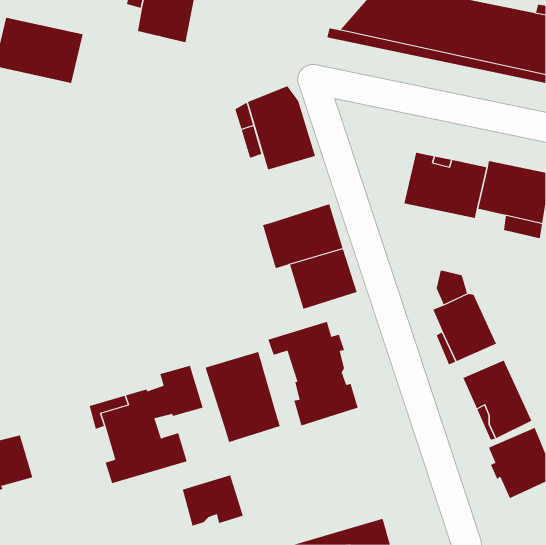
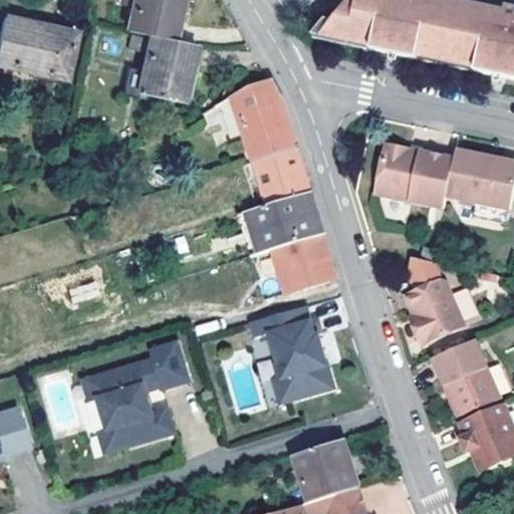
building: none -> [138,34,195,99]
building: none -> [240,147,309,209]
building: [205,351,280,443] -> none
building: none -> [294,439,358,501]
building: [182,475,244,527] -> none

